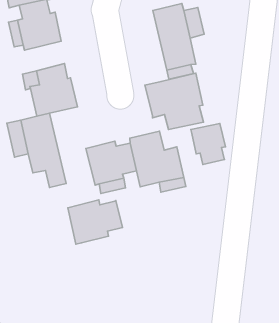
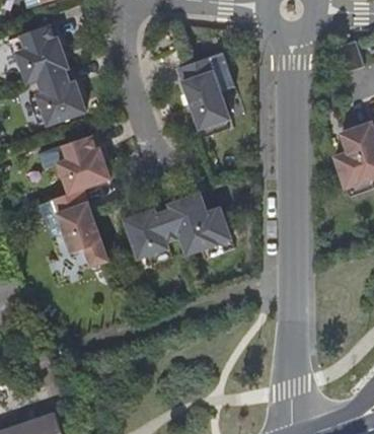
building: [145,73,204,130] -> none
building: [191,123,225,164] -> none
building: [68,200,123,244] -> none

